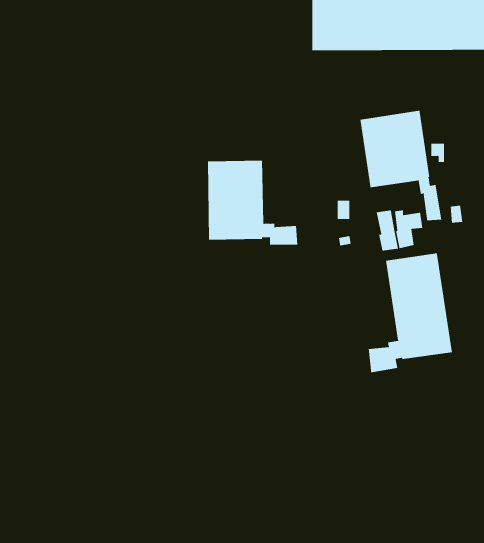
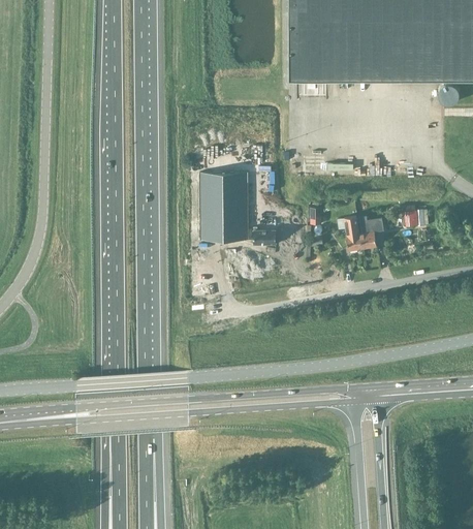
building: [360,110,442,221] -> none
building: [368,253,452,373] -> none

